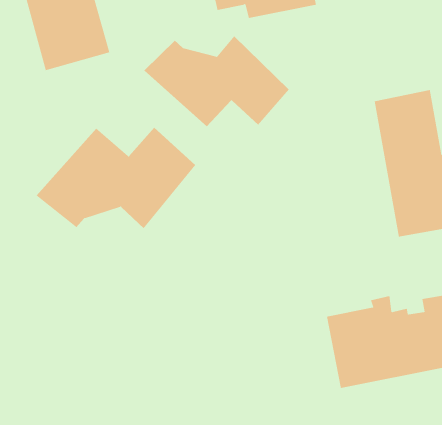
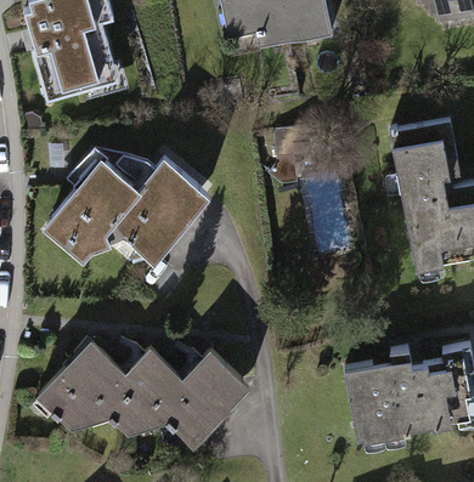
building: [144,36,290,127] -> none
building: none -> [39,334,253,442]

